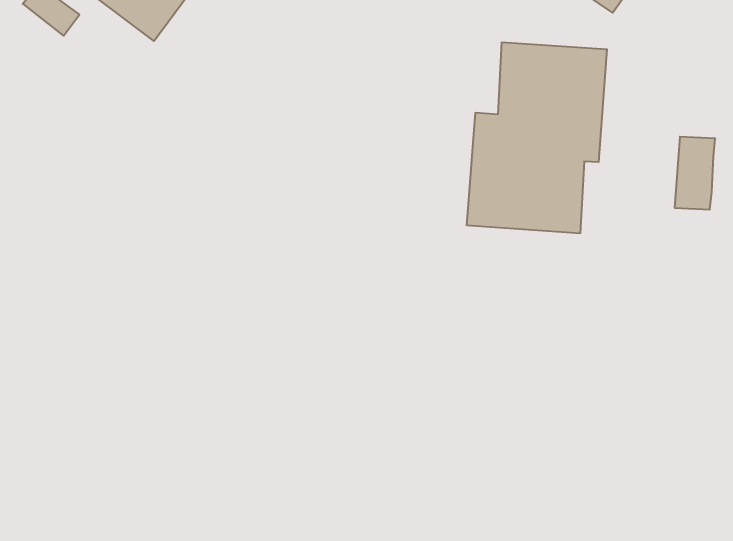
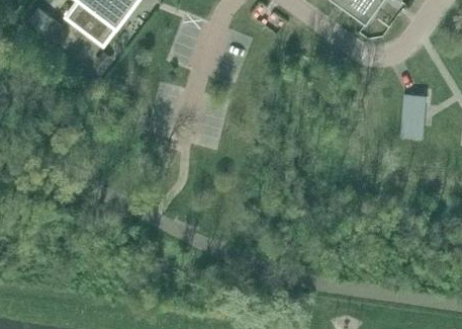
building: [467,42,607,233] -> none

